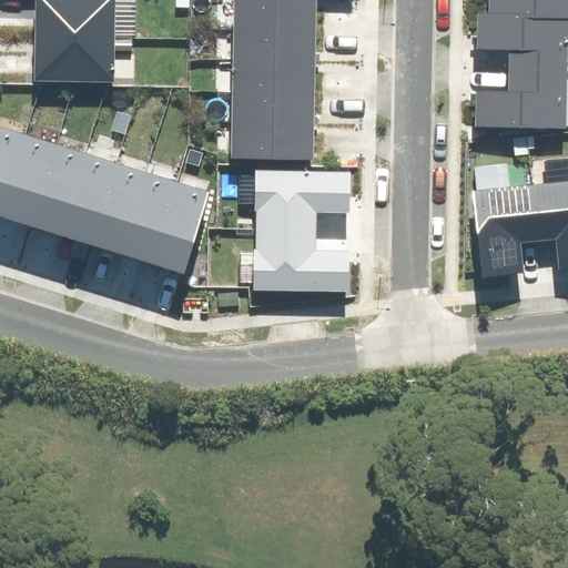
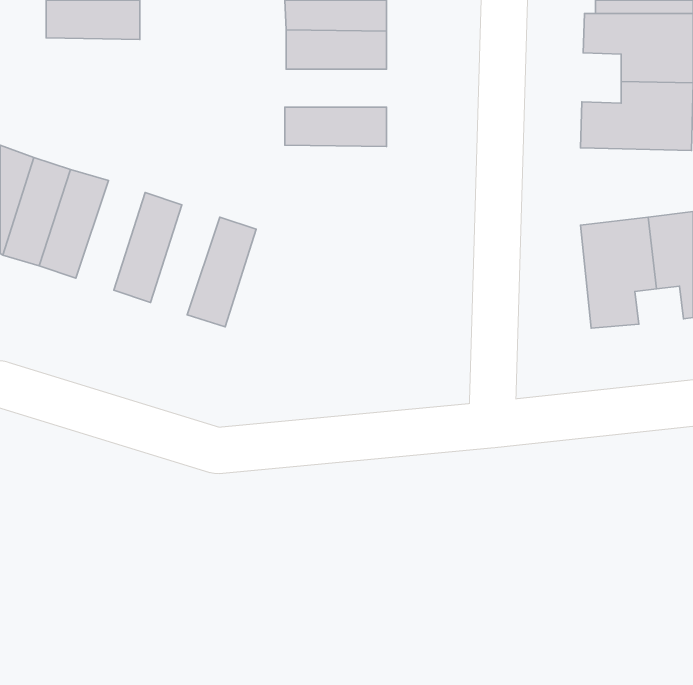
building: [37,38,114,82] -> none
building: [233,63,316,94] -> none
building: [233,125,316,158] -> none
building: [62,154,119,244] -> none
building: [247,162,346,283] -> none
building: [123,174,180,264] -> none

